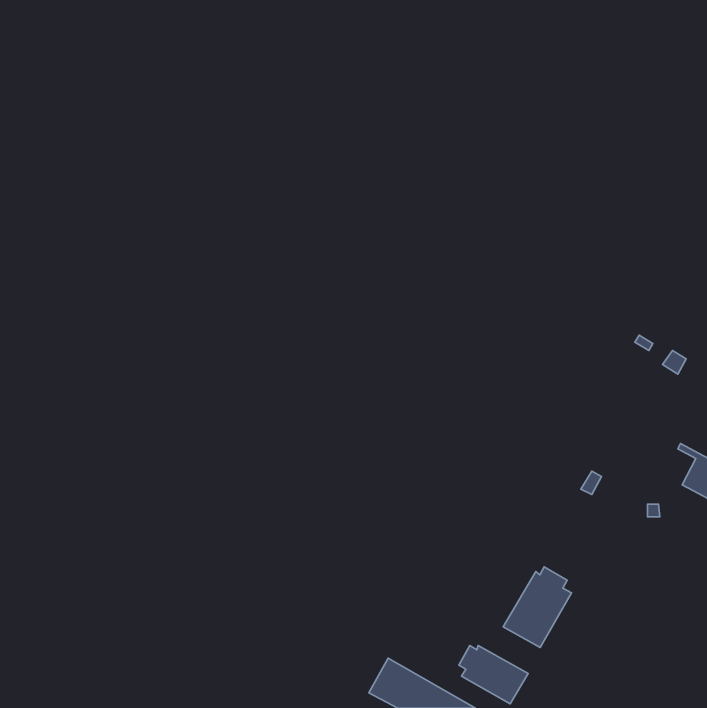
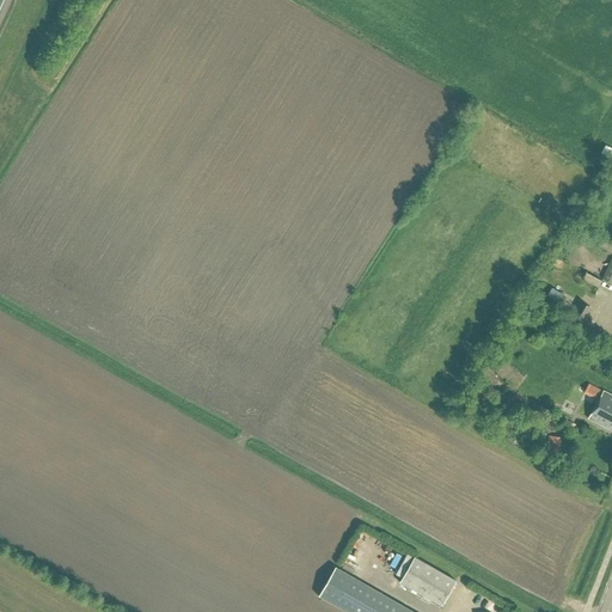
building: [503,567,571,647] -> none

